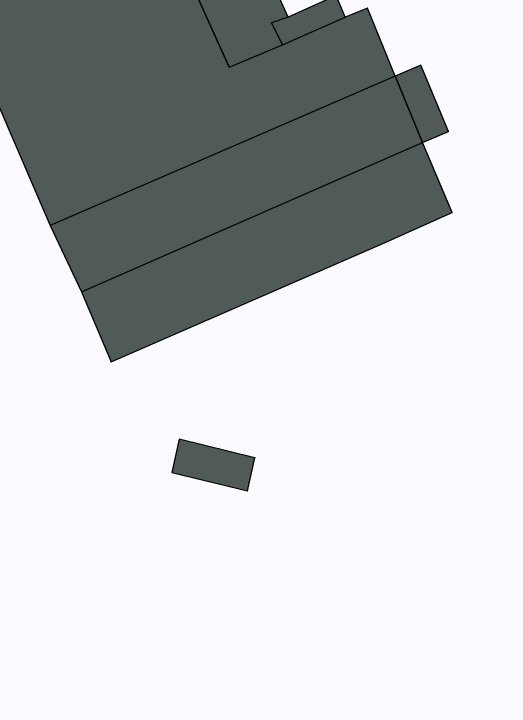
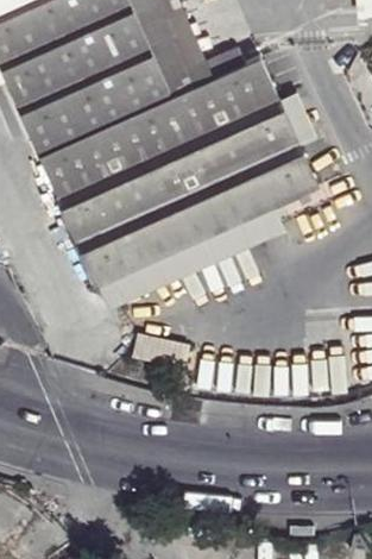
building: none -> [92,206,276,304]

